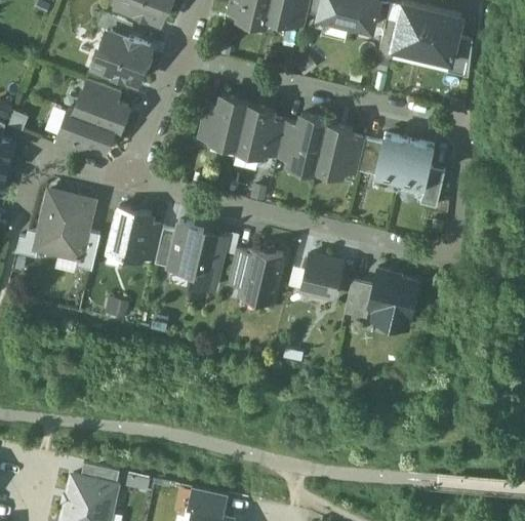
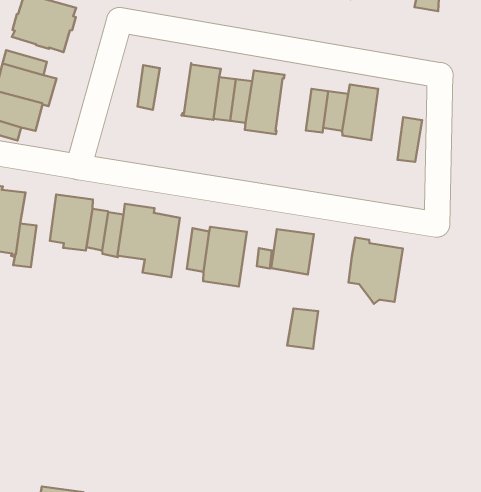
building: [210,97,248,149] -> none
building: [316,125,353,176] -> none
building: [399,142,434,192] -> none
building: [344,282,373,319] -> [287,308,318,349]

